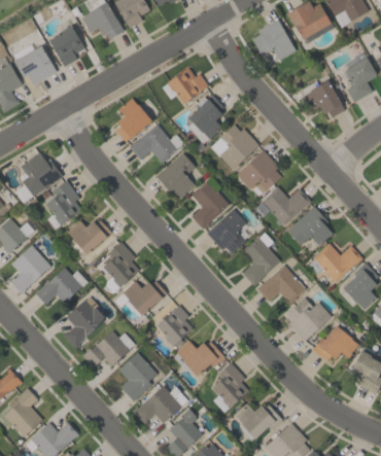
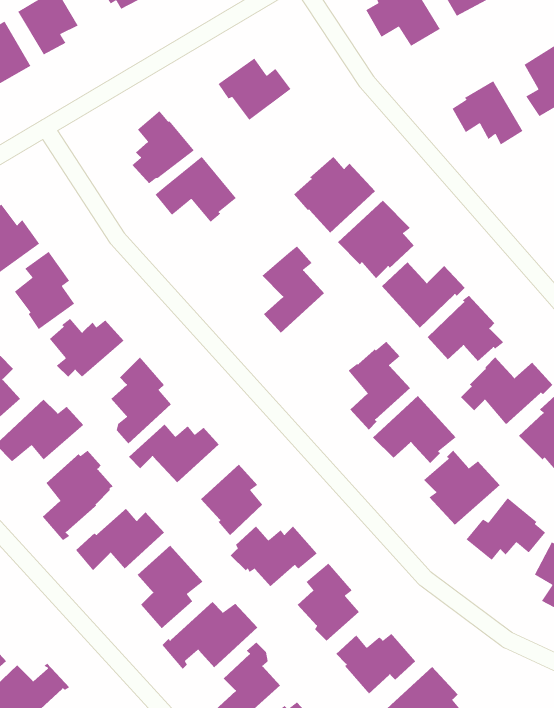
building: [186,95,223,143] -> none
building: [155,153,195,199] -> none
building: [206,209,246,254] -> none

